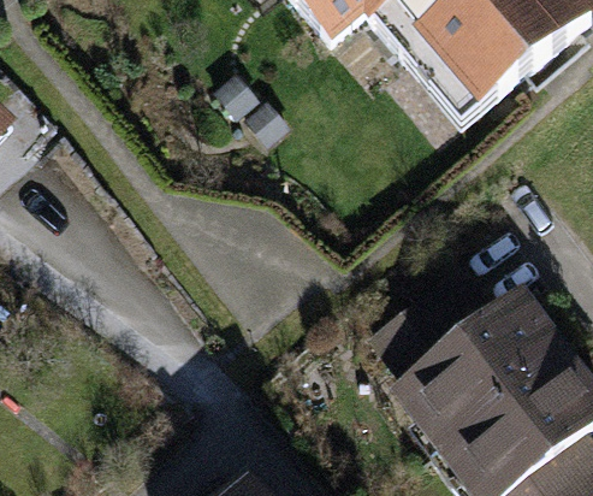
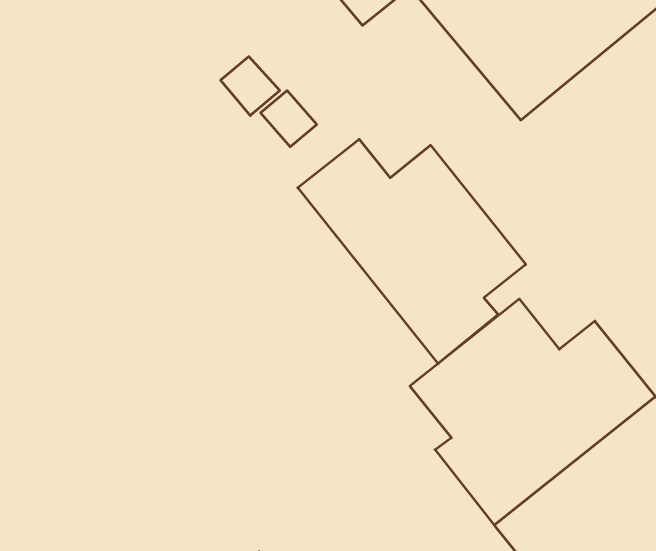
building: none -> [298,139,526,364]

